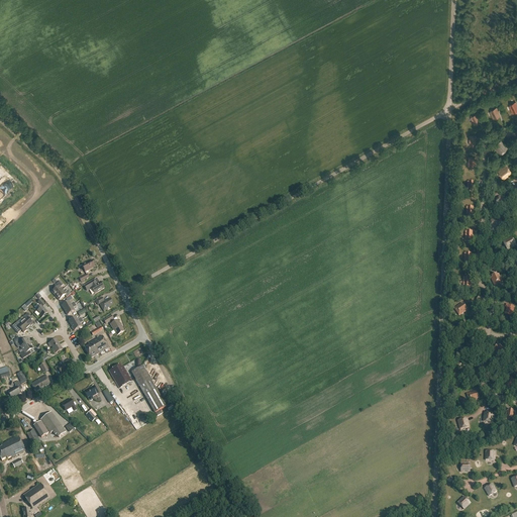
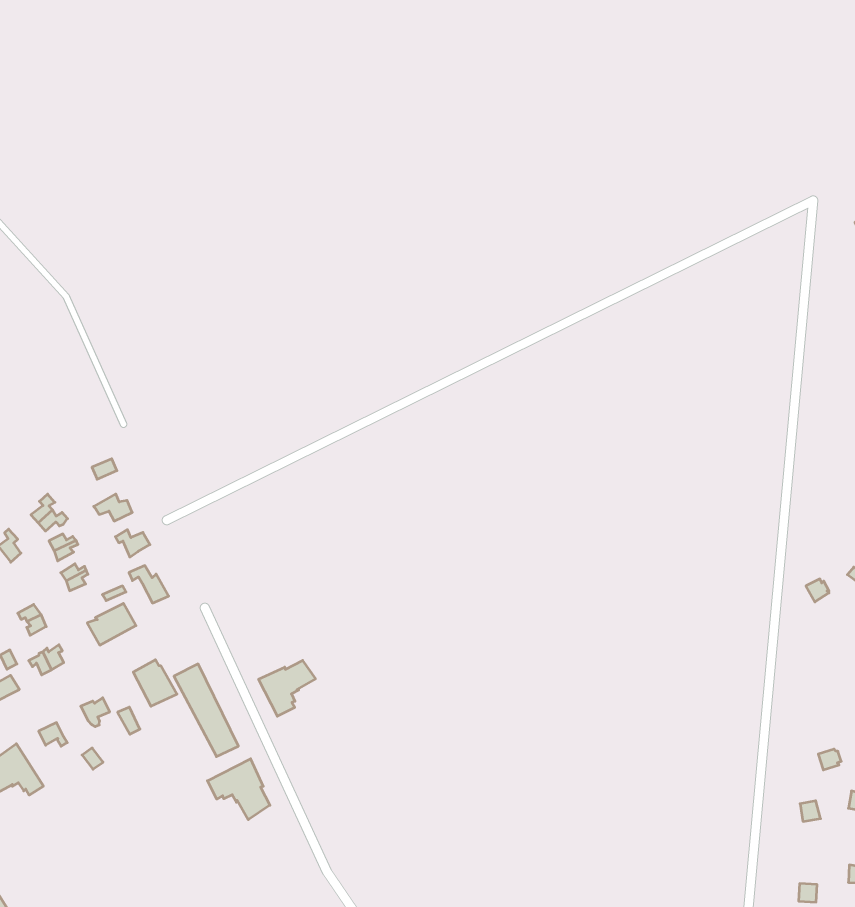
building: none -> [259,660,315,716]
building: none -> [207,759,270,820]

